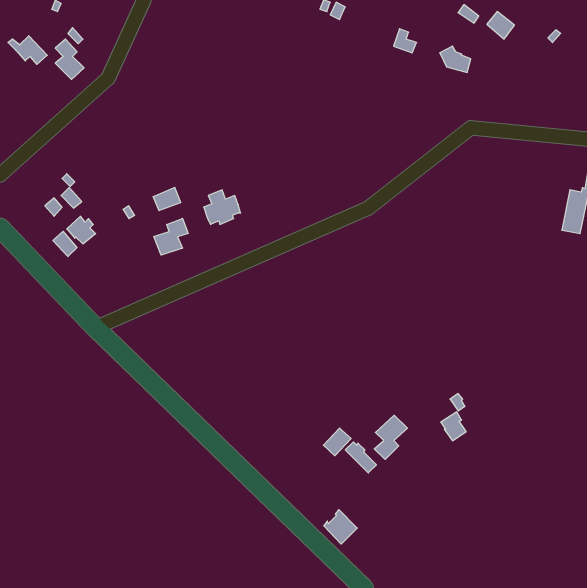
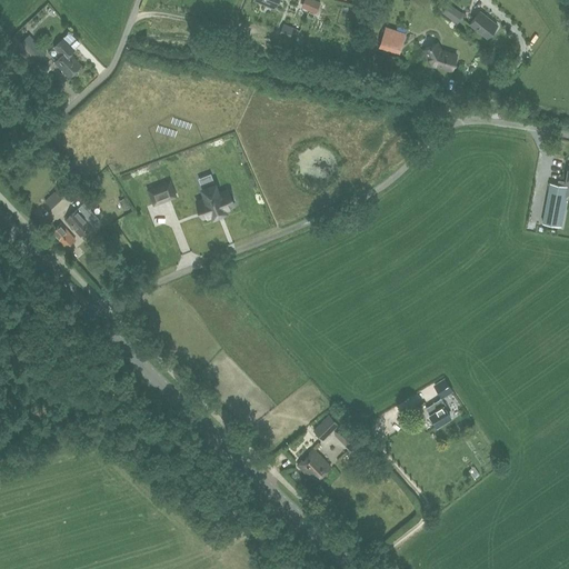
building: [154,218,188,255] -> none
building: [374,415,407,459] -> none
building: [324,510,357,544] -> [299,449,331,482]

